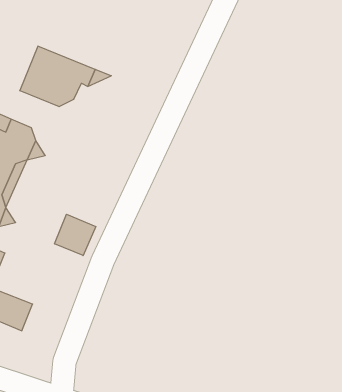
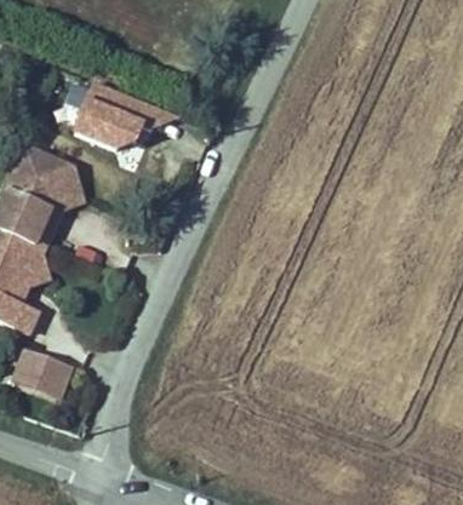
building: [55,214,96,256] -> none

